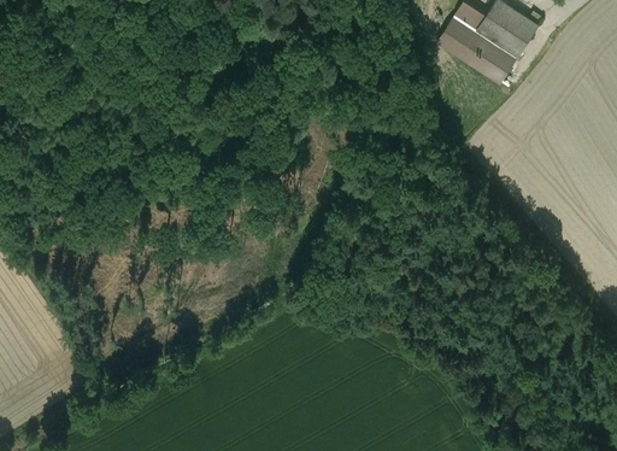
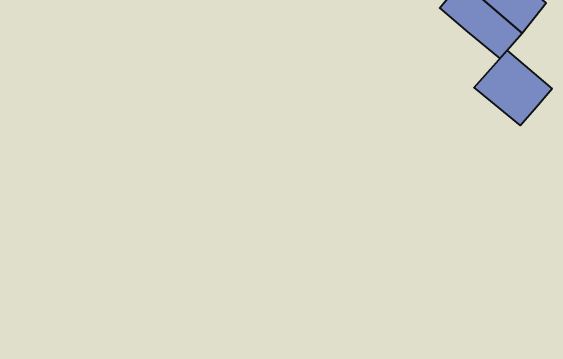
building: none -> [474,50,552,125]

